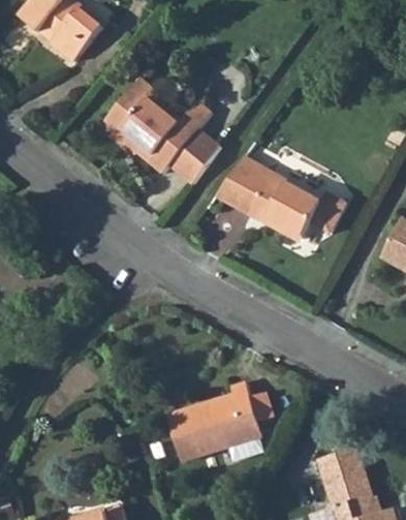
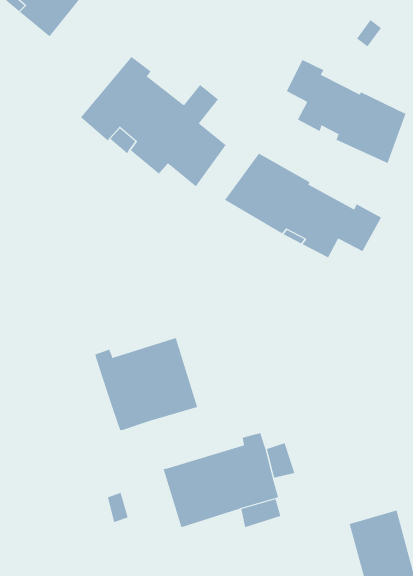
building: none -> [286,59,406,164]
building: none -> [95,337,198,431]

